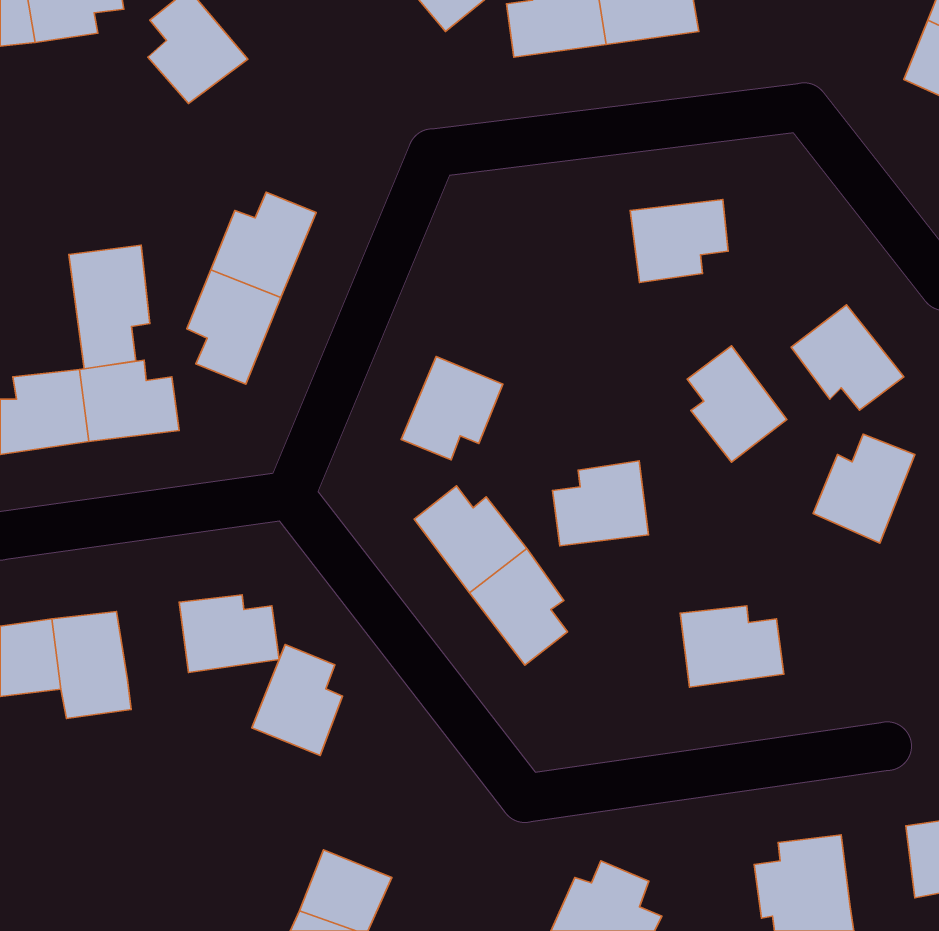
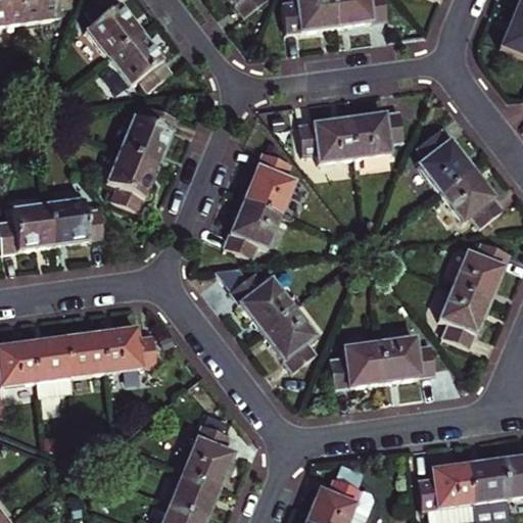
building: none -> [107,33,172,89]
building: none -> [301,116,356,161]
building: [69,245,150,369] -> none
building: none -> [244,149,295,212]
building: [687,346,787,462] -> [416,128,471,192]
building: [552,461,648,546] -> [331,339,384,386]
building: none -> [438,284,489,346]
building: none -> [67,333,107,376]
building: [252,645,342,755] -> [182,424,232,485]
building: none -> [468,457,509,502]

